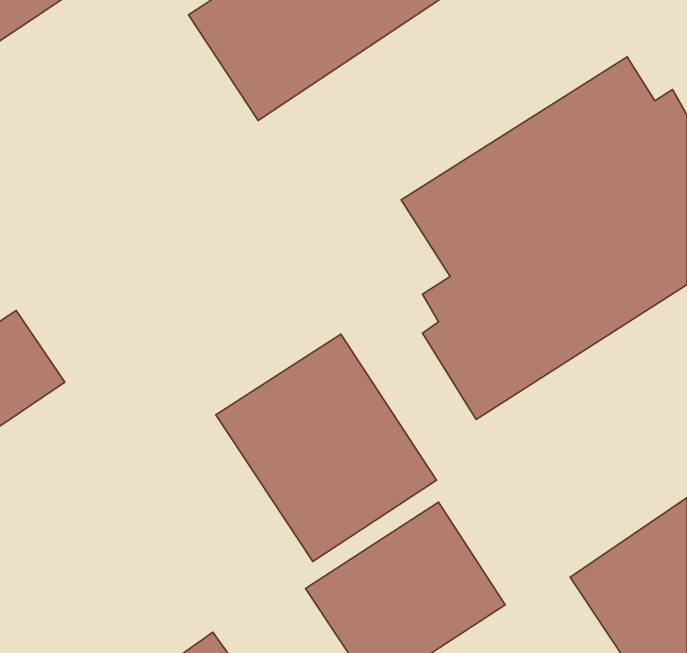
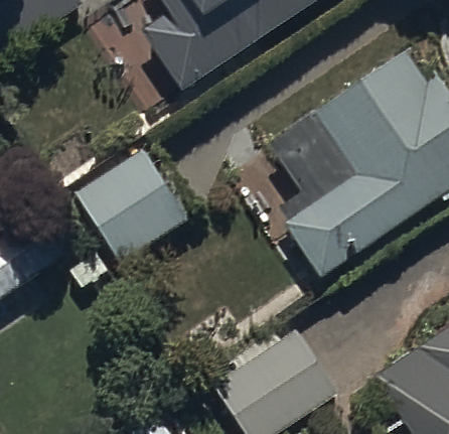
building: none -> [72,143,189,263]
building: [216,334,436,561] -> none

